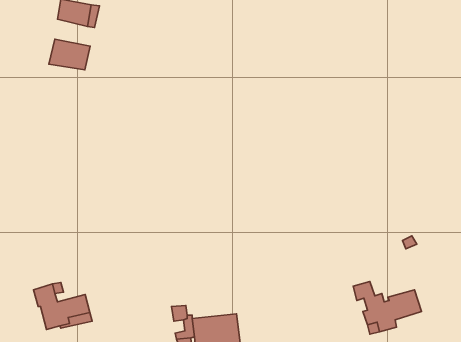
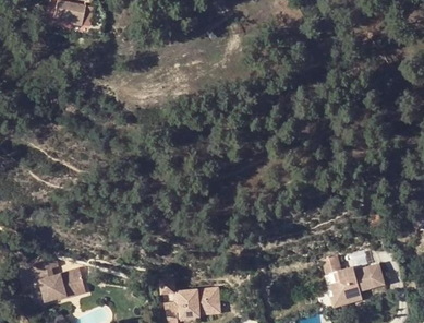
building: [49,39,90,70] -> none

